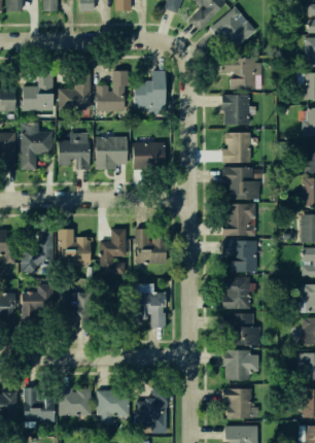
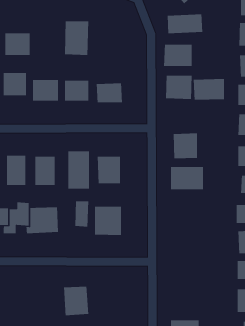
building: [60,71,94,110] -> none
building: [137,77,162,109] -> none
building: [220,171,258,198] -> [193,78,225,101]
building: [222,274,256,305] -> none
building: [222,311,259,343] -> none
building: [224,350,257,380] -> none
building: [61,386,92,414] -> none
building: [26,387,52,414] -> none
building: [223,388,260,415] -> none
building: [138,395,165,424] -> none

